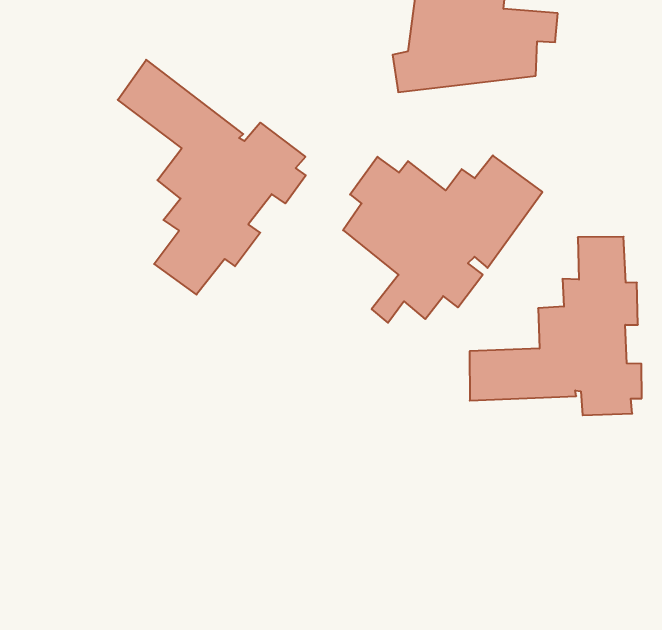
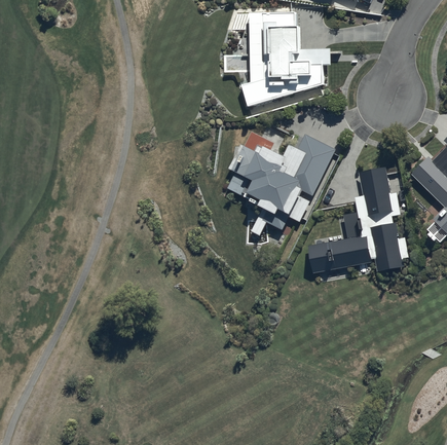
building: [118,60,306,295] -> none

